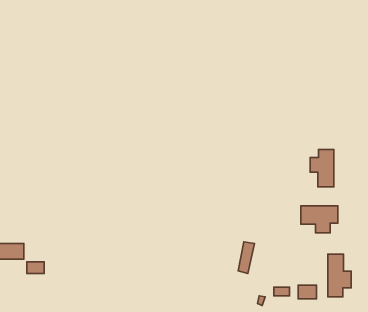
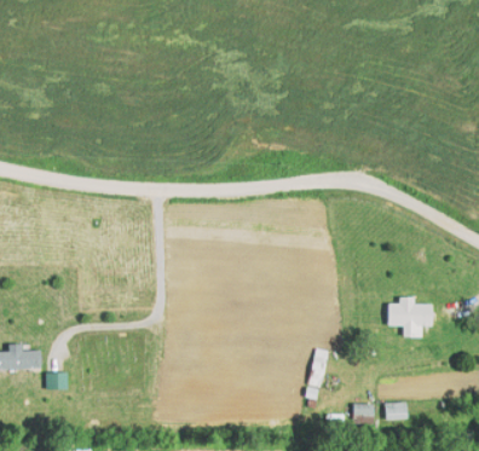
building: [310,149,334,187] -> none
building: [328,254,351,297] -> none

